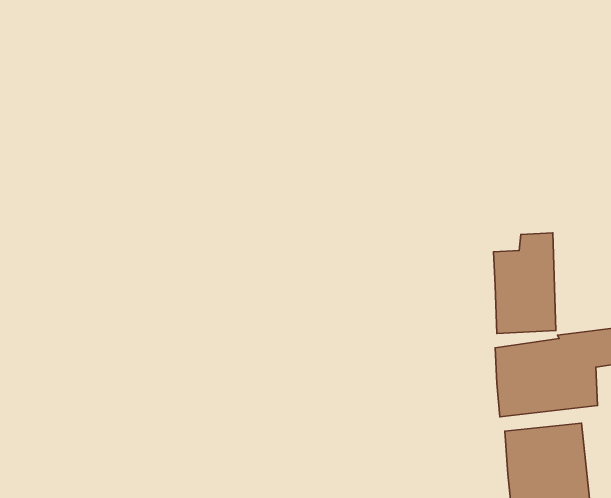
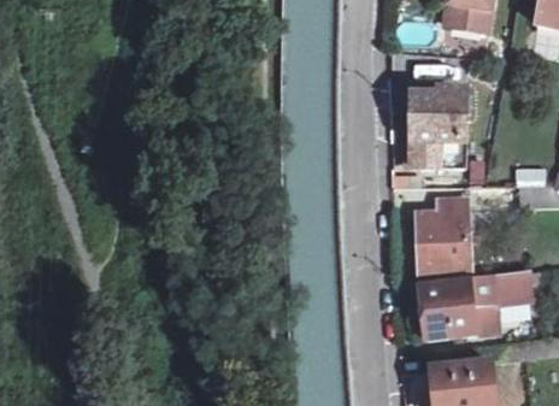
building: none -> [411,96,460,170]

